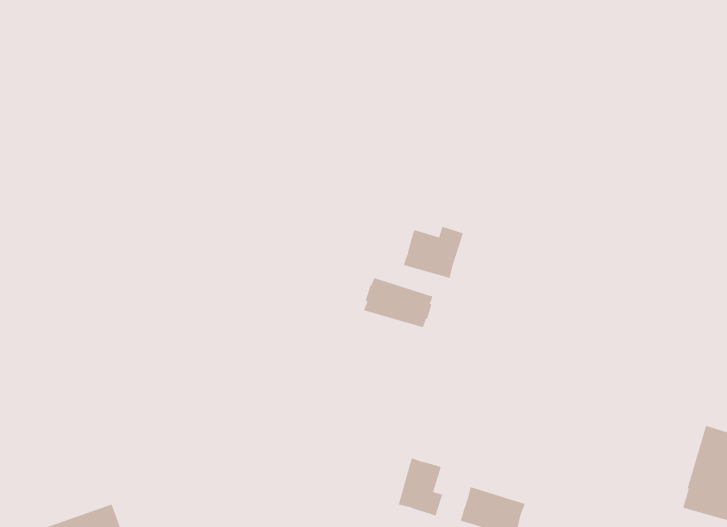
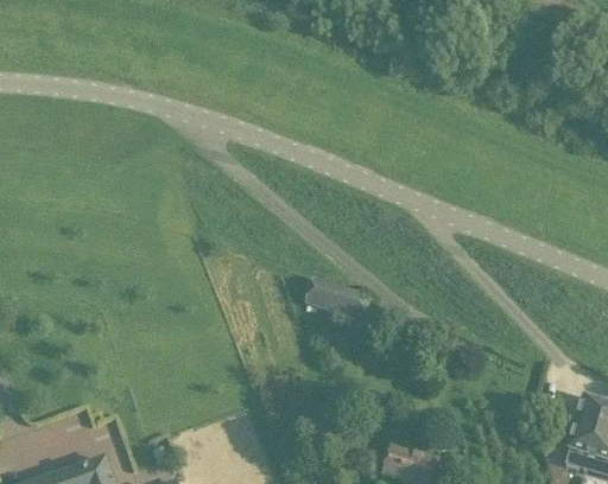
building: [403,226,464,279] -> none
building: [398,457,443,516] -> none

